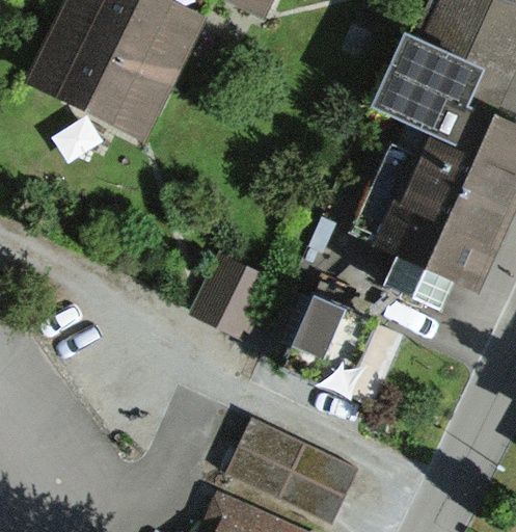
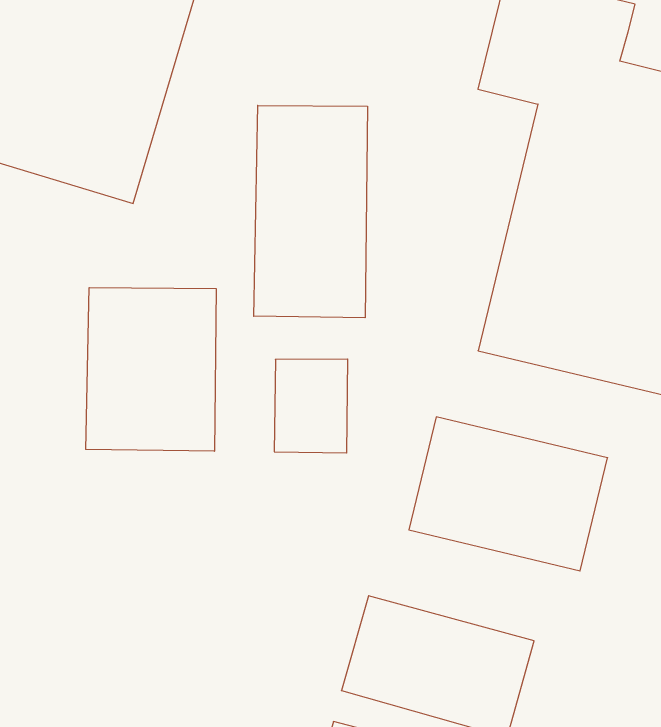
building: none -> [254,105,367,318]
building: none -> [86,288,216,451]

